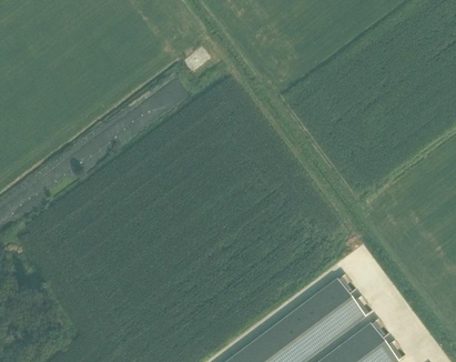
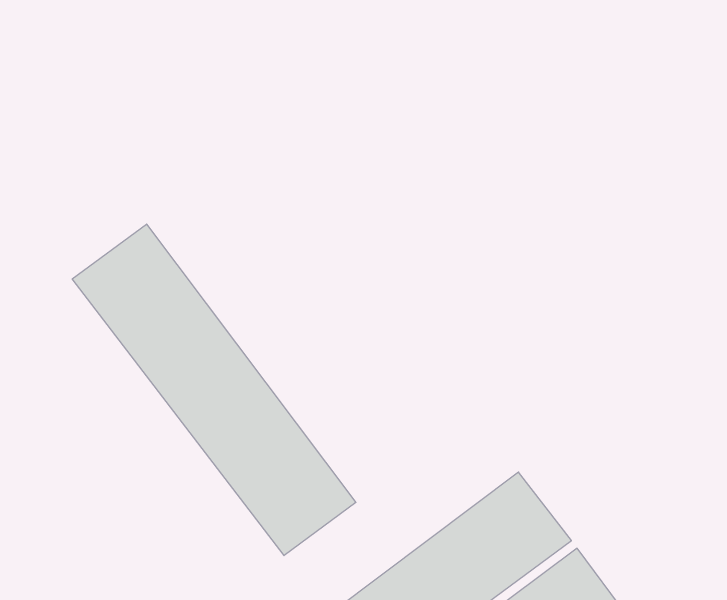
building: none -> [72,224,356,556]

